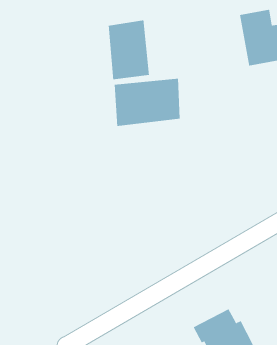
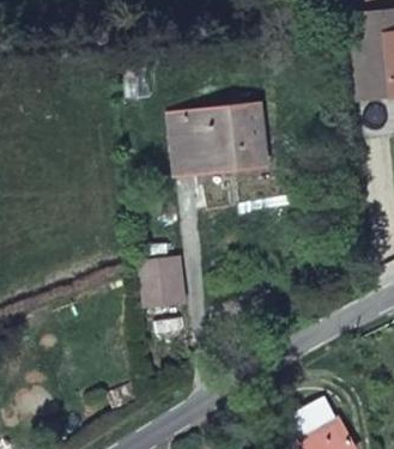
building: [108,20,149,80] -> none
building: none -> [140,250,182,297]

